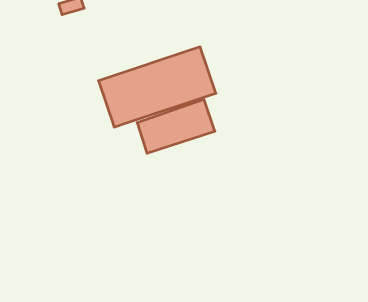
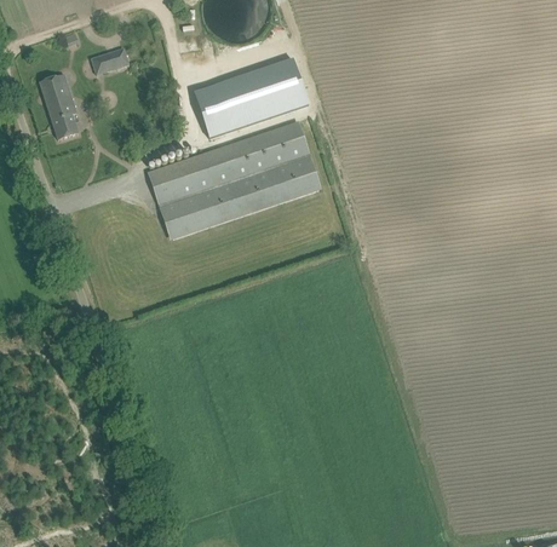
building: none -> [39,74,77,139]
building: [137,100,215,153] -> [196,58,310,137]

